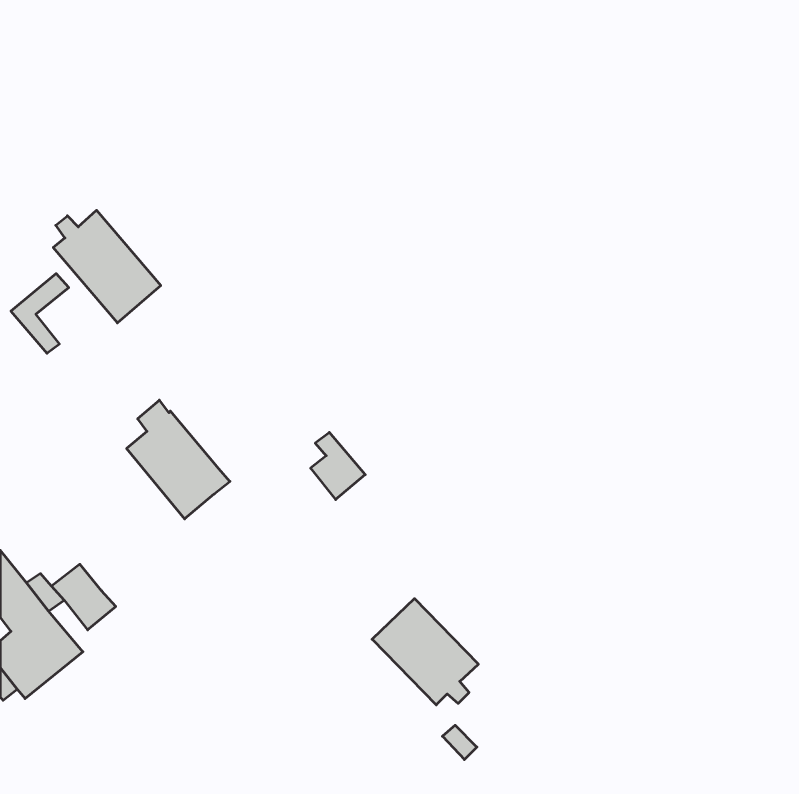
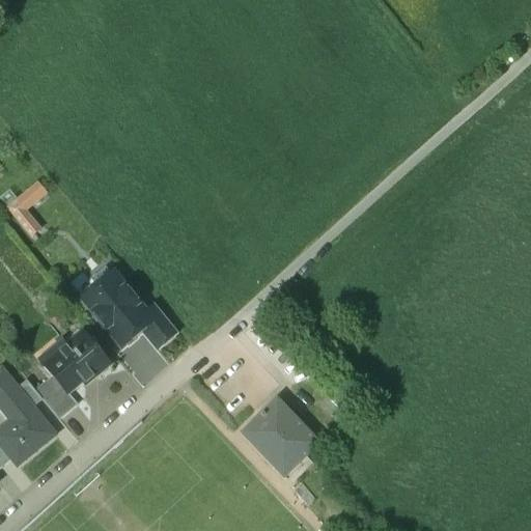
building: [53,210,161,323] -> none
building: [311,432,365,500] -> [142,304,178,348]
building: none -> [44,331,110,392]

